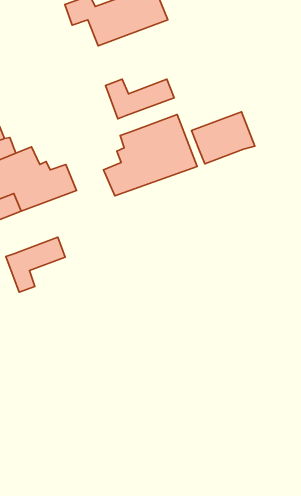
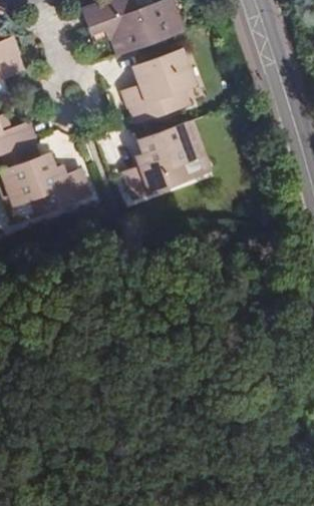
building: [191,112,255,164] -> [133,47,195,97]
building: [6,237,65,292] -> none

